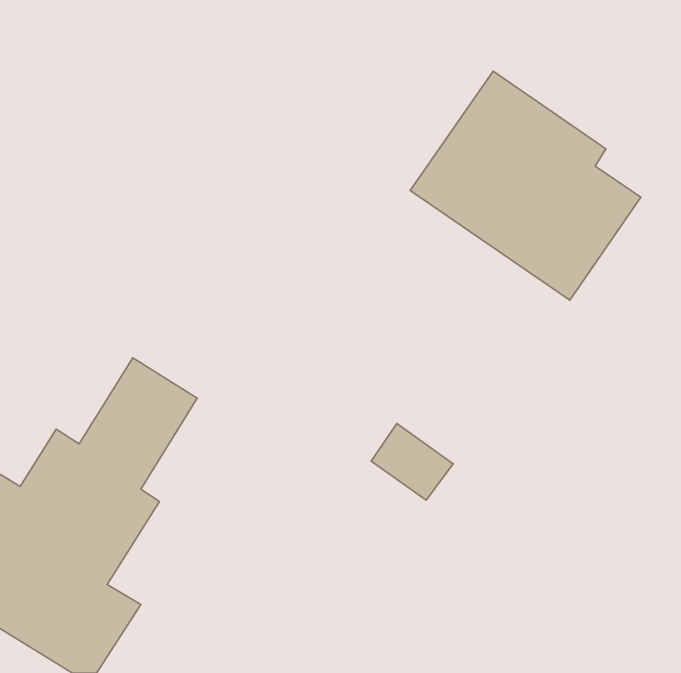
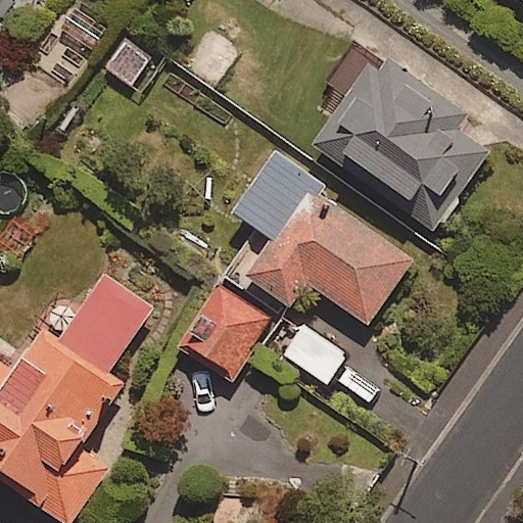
building: none -> [234,156,411,324]
building: none -> [181,283,271,378]

